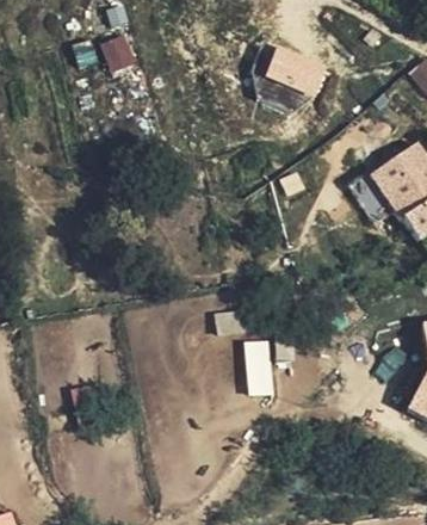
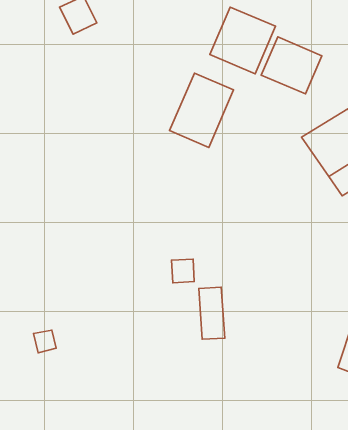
building: none -> [261,37,322,94]
building: none -> [170,73,234,147]

